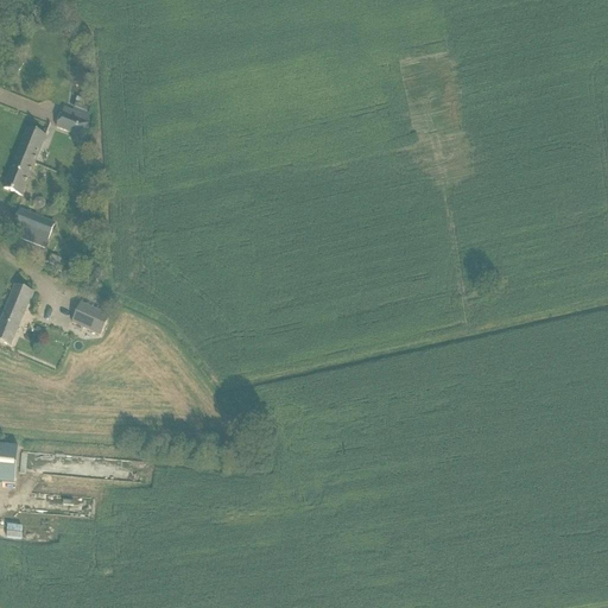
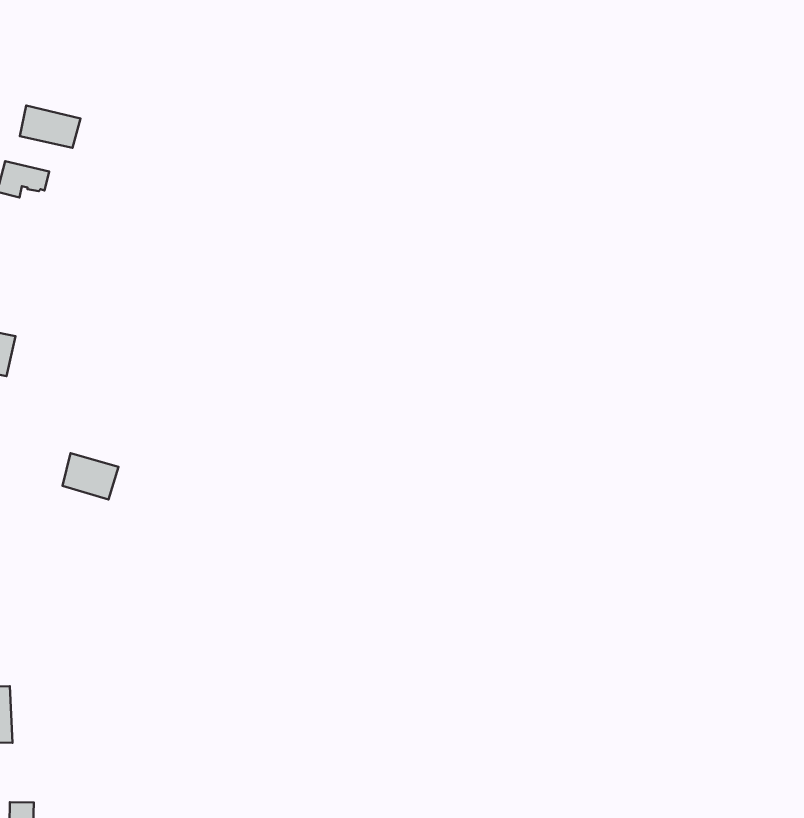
building: none -> [20,106,80,148]

